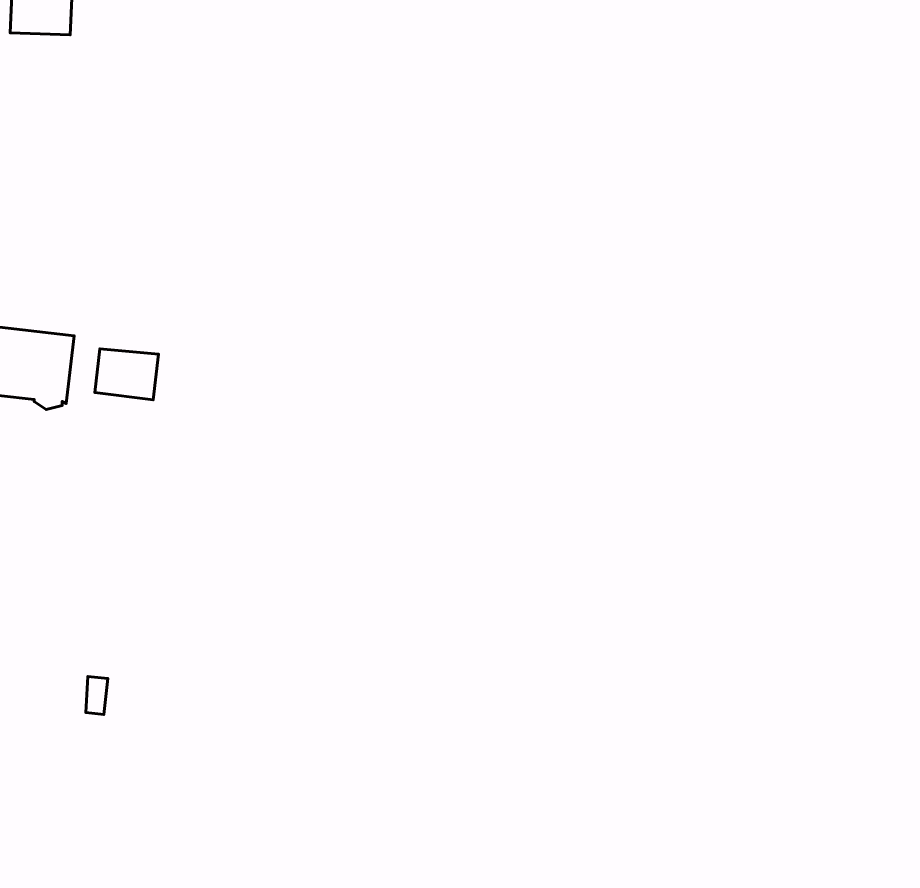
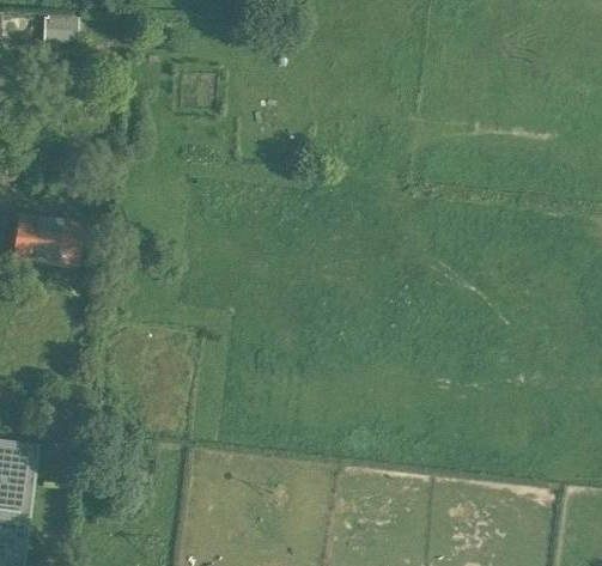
building: [95,349,158,400] -> none

